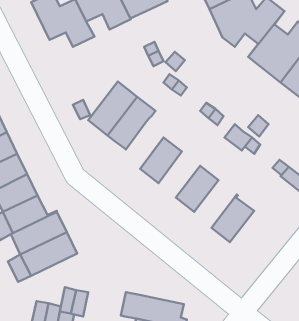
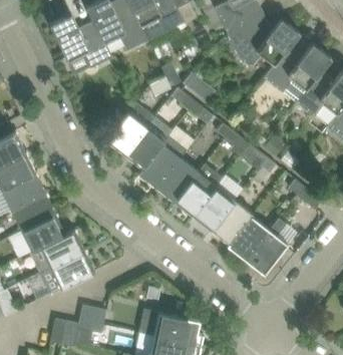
building: none -> [139,135,187,188]
building: none -> [176,163,223,216]
building: none -> [211,199,253,246]
building: none -> [246,218,288,274]

